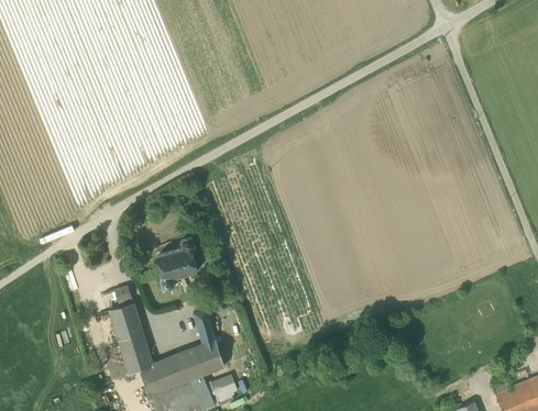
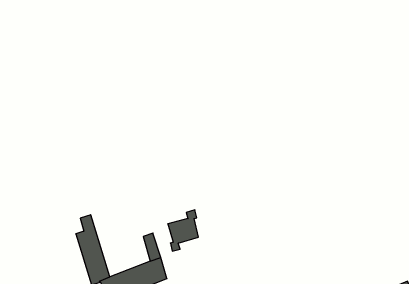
building: [157,237,196,289] -> [168,210,198,251]

